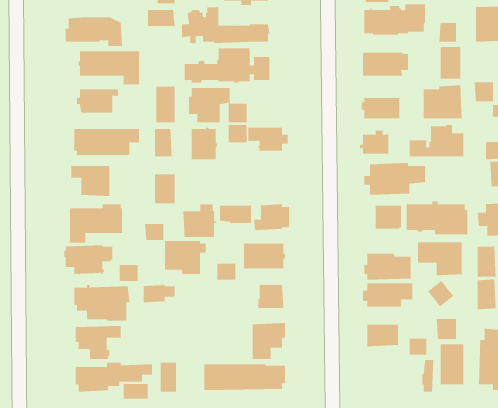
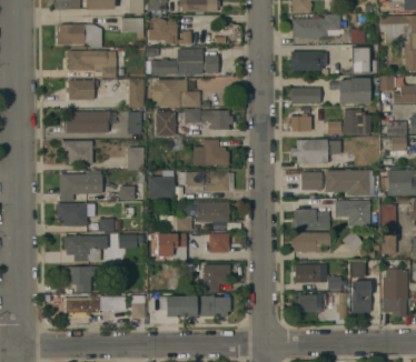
building: none -> [192,139,229,165]
building: [164,240,206,274] -> [157,233,190,260]
building: none -> [296,293,326,312]

